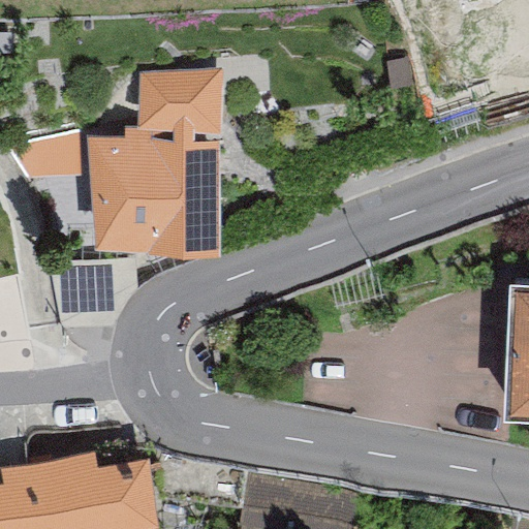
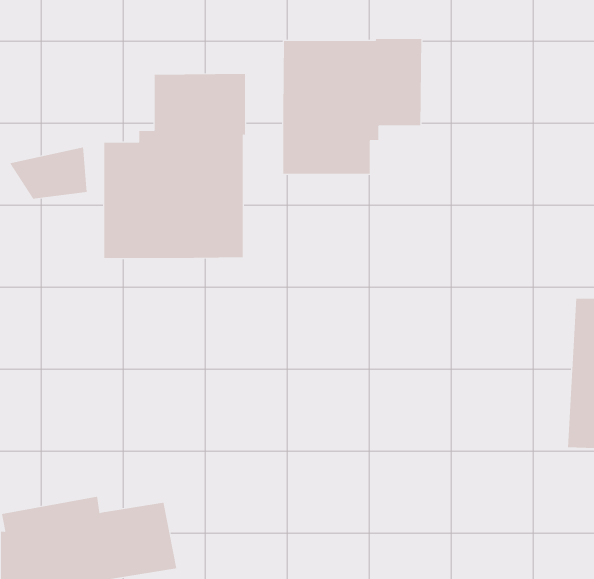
building: none -> [283,38,422,174]

